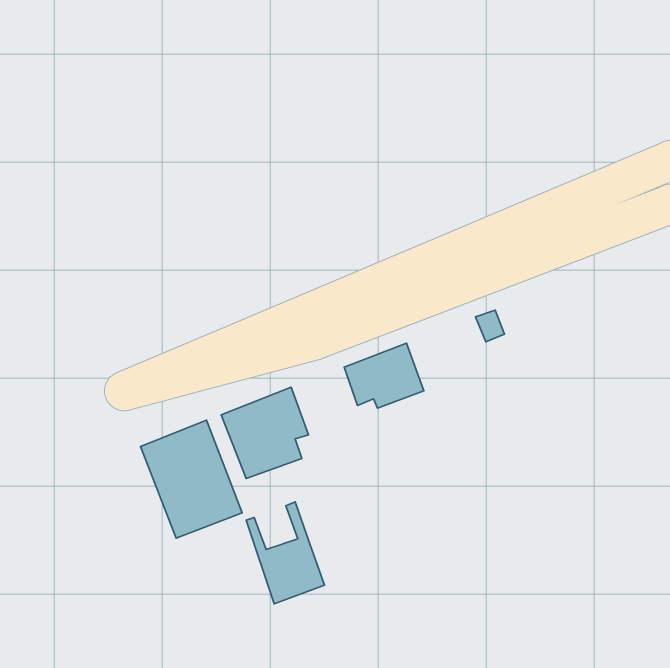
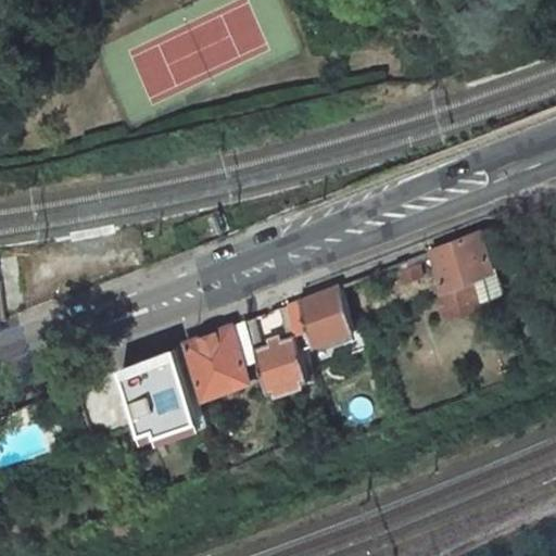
building: none -> [428,236,495,320]
building: [246,502,324,604] -> [242,308,306,392]

